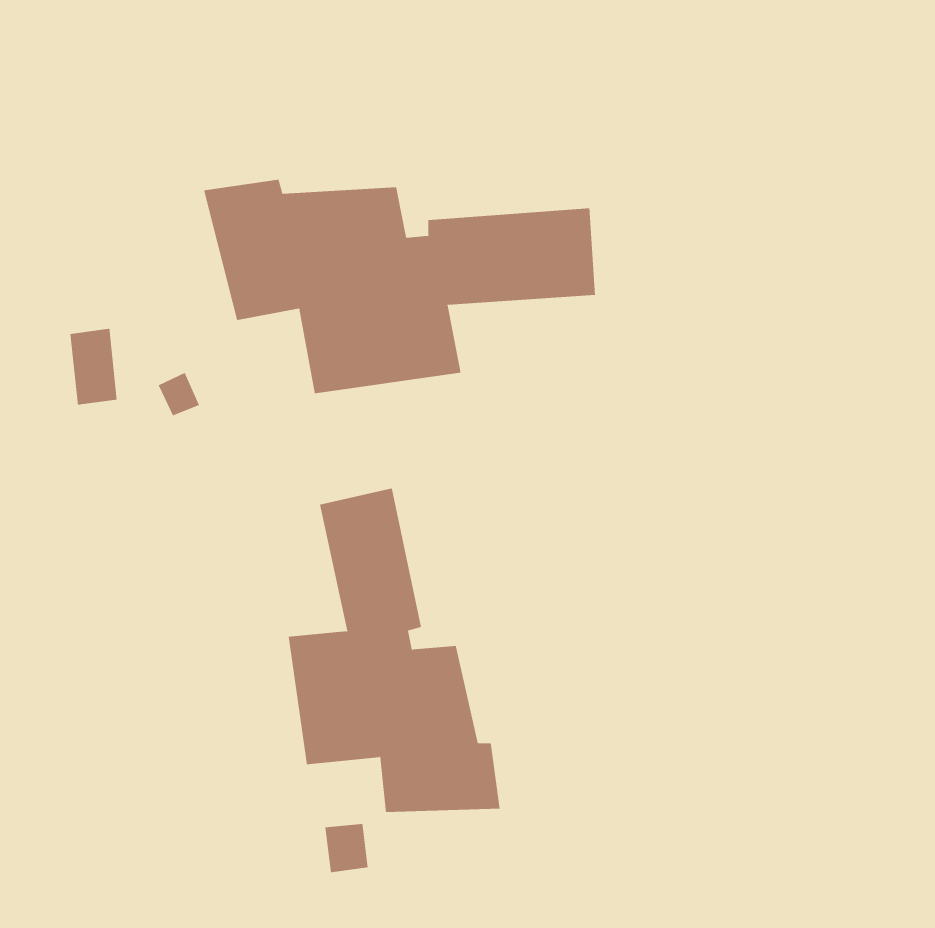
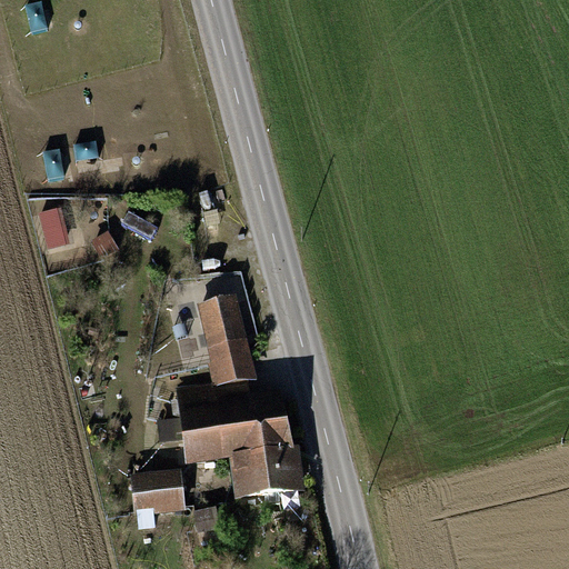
building: [203,179,596,394] -> none
building: none -> [129,469,184,511]

